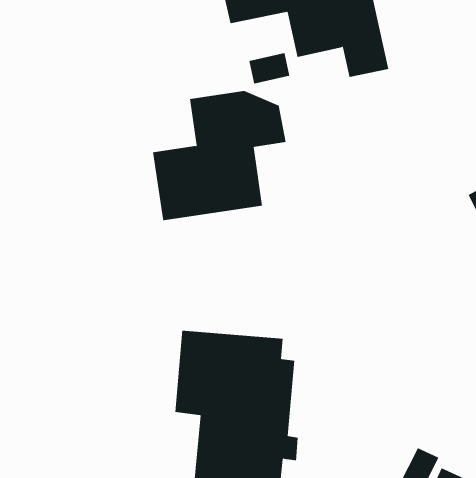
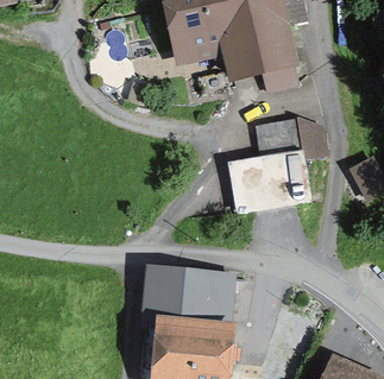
building: [152,90,286,221] -> [232,118,327,210]

